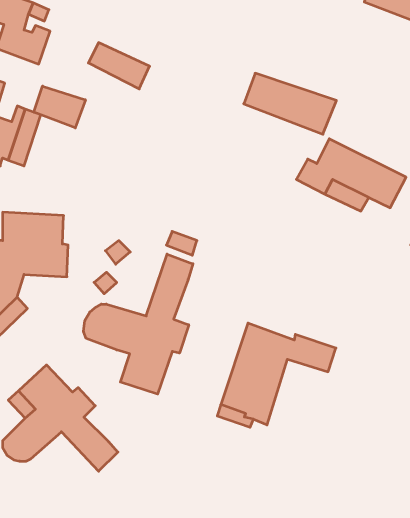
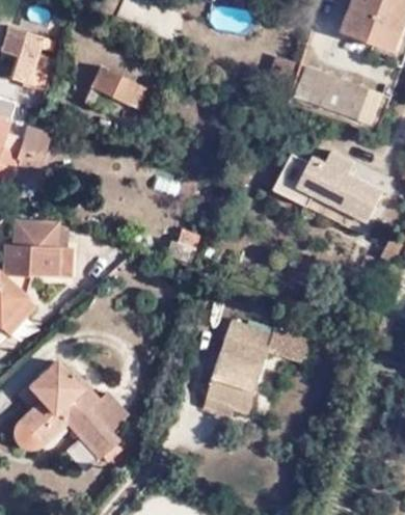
building: [244,73,336,134] -> [295,66,380,123]
building: [34,86,85,128] -> none
building: [84,254,193,394] -> none
building: none -> [85,390,127,432]

